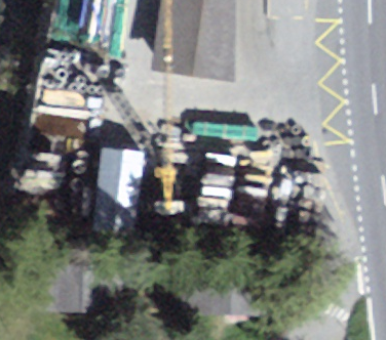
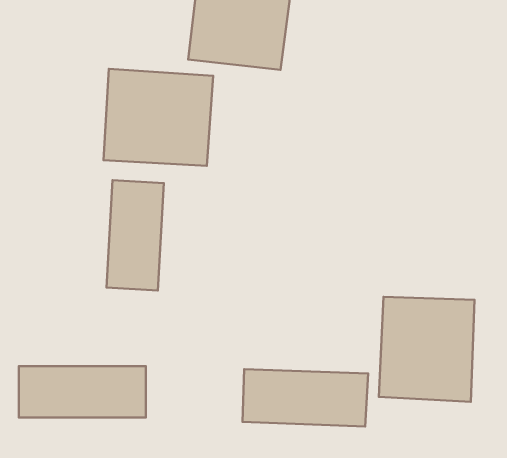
building: none -> [104,69,213,166]
building: none -> [379,297,475,402]

